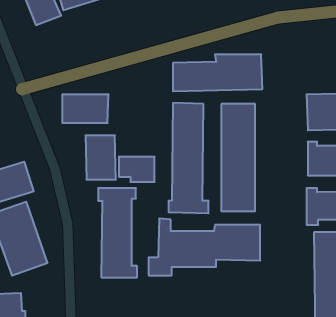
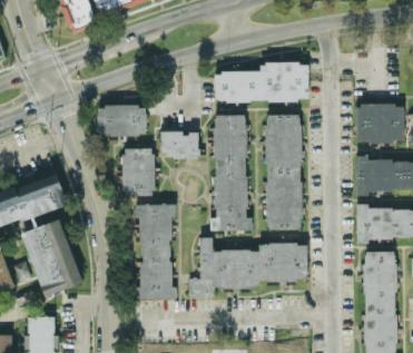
building: [119,157,155,182] -> [161,131,199,158]

